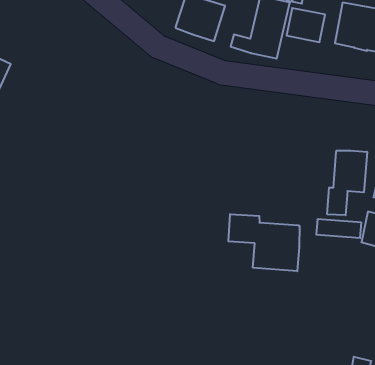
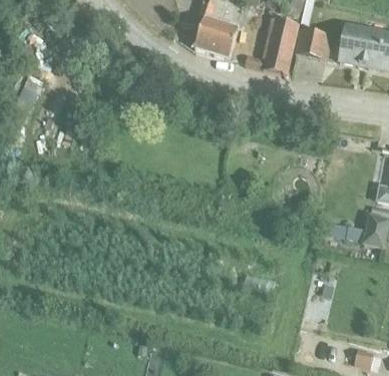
building: [327,151,367,215] -> none
building: [228,214,299,271] -> none

